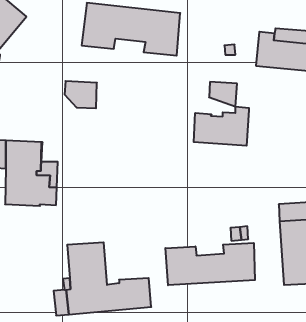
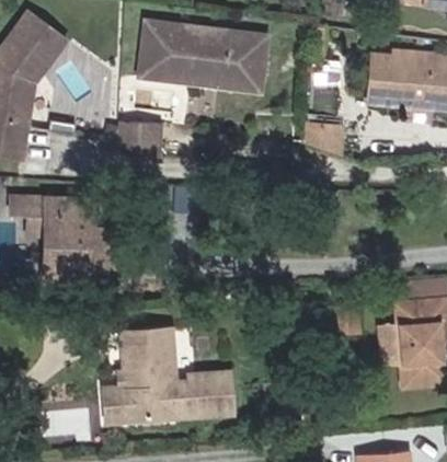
building: [194,107,249,146] -> none
building: [165,243,255,285] -> none

